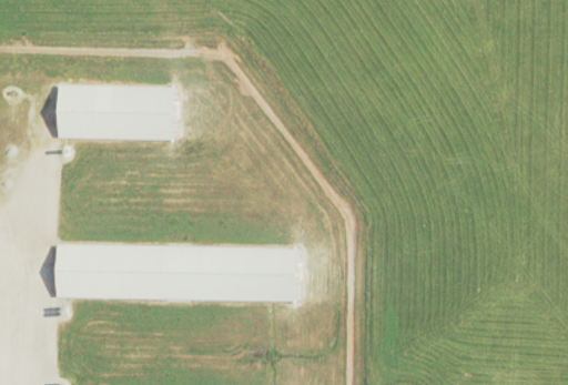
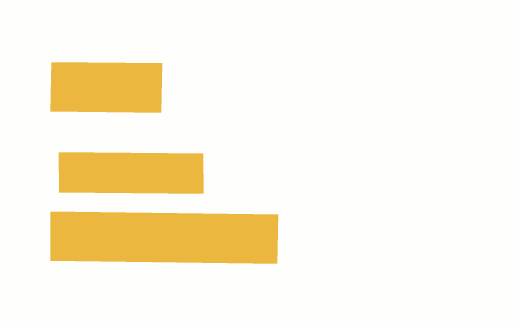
building: none -> [58,152,204,194]

